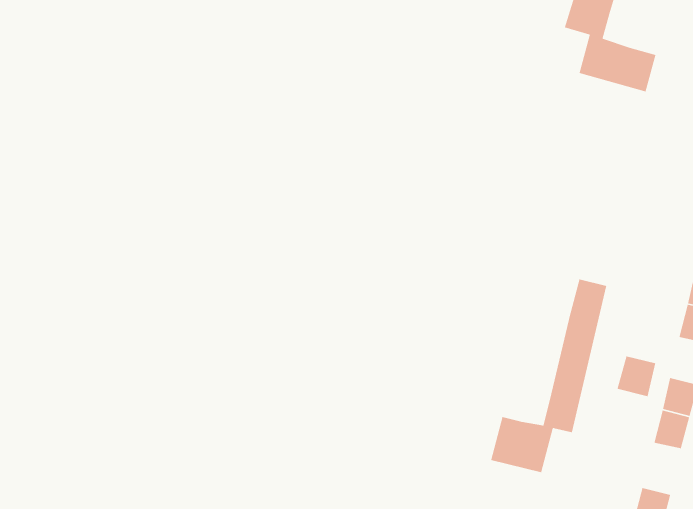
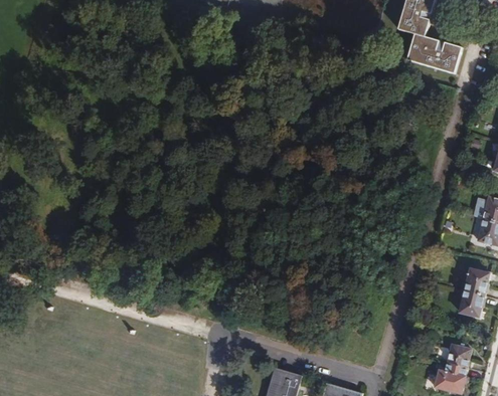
building: [490,279,607,473] -> none
building: [617,356,656,397] -> none

